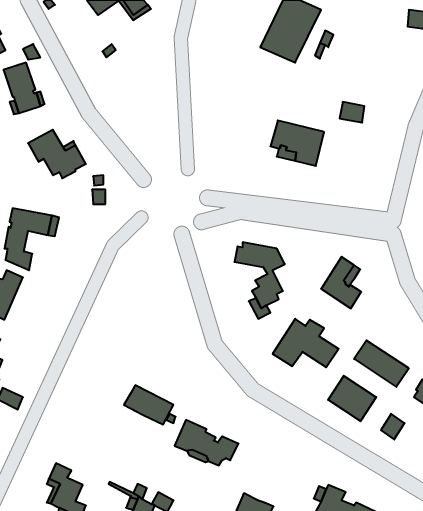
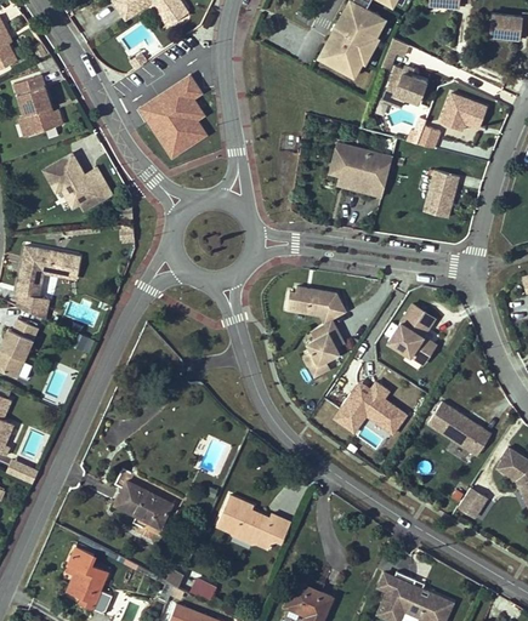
building: none -> [382,68,426,107]
building: none -> [137,72,209,158]
building: none -> [438,89,488,135]
building: none -> [424,170,459,218]
building: [328,376,376,421] -> none
building: [124,385,173,425] -> [114,480,172,526]

